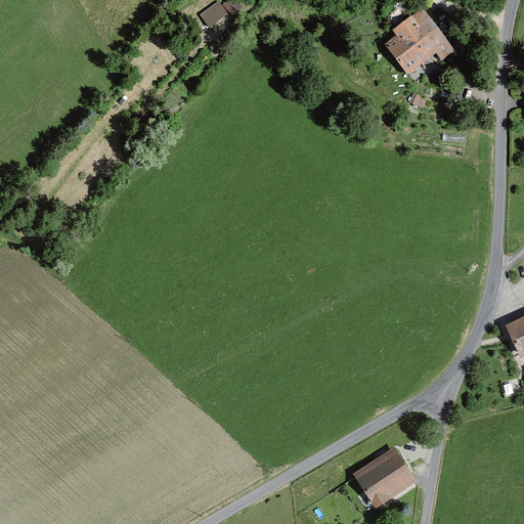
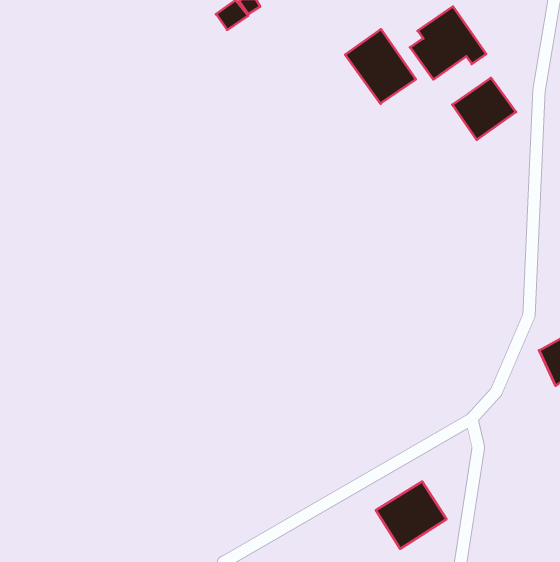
building: none -> [345,29,416,104]
building: none -> [452,78,516,140]

